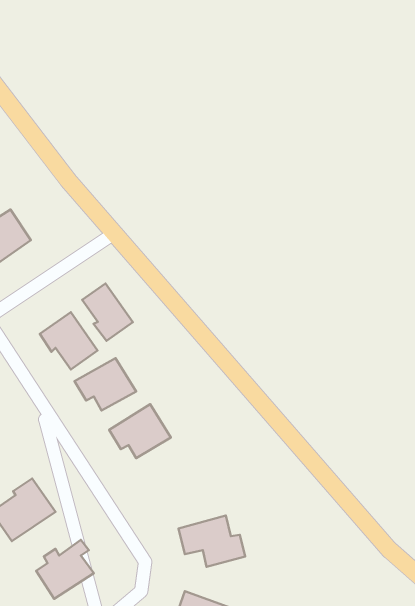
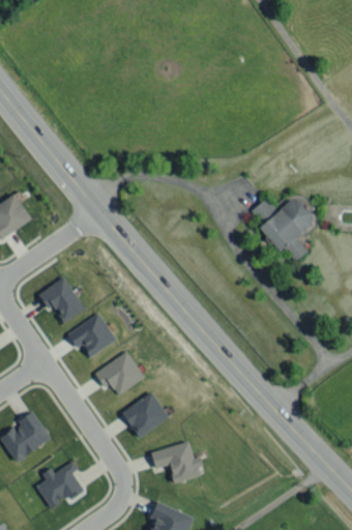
building: none -> [251,198,316,261]
building: [82,284,133,341] -> none
building: none -> [121,393,168,438]

